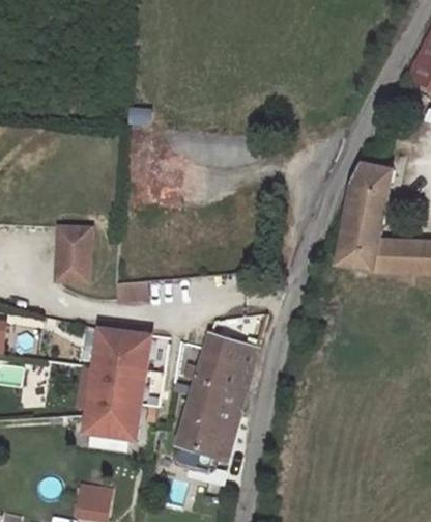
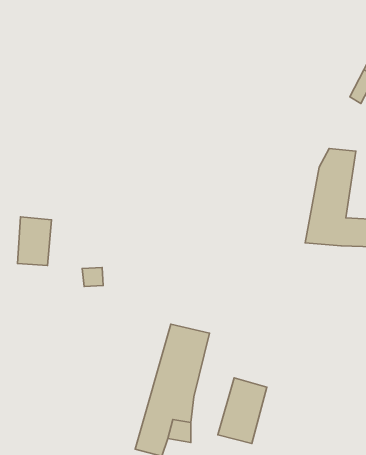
building: [77,330,150,442] -> none
building: none -> [218,378,267,443]

